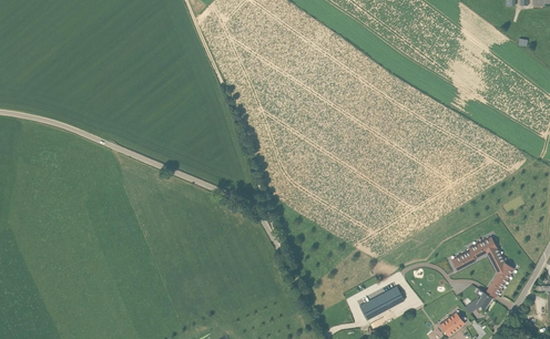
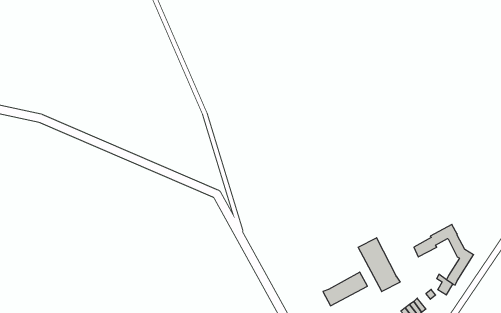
building: none -> [358,238,400,292]

